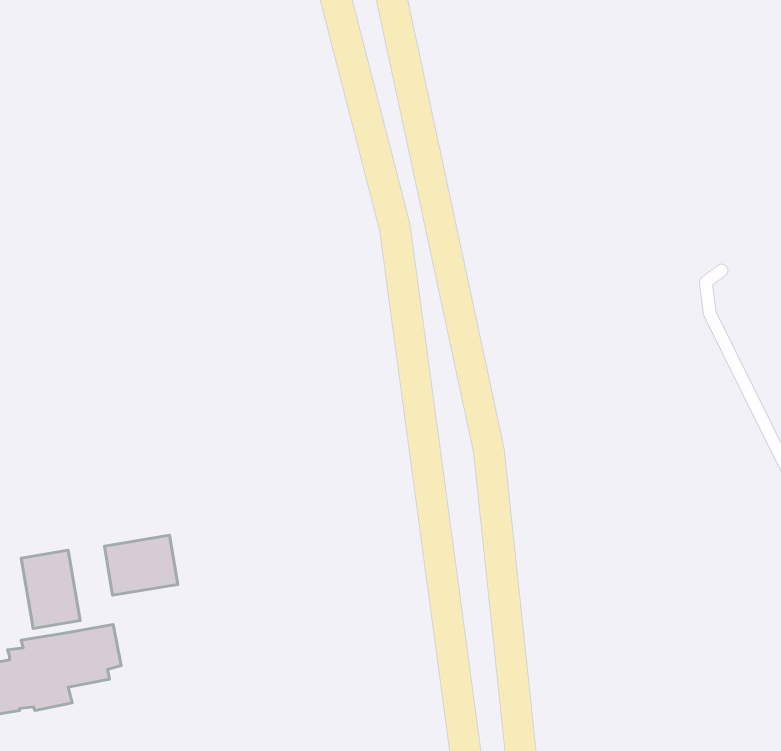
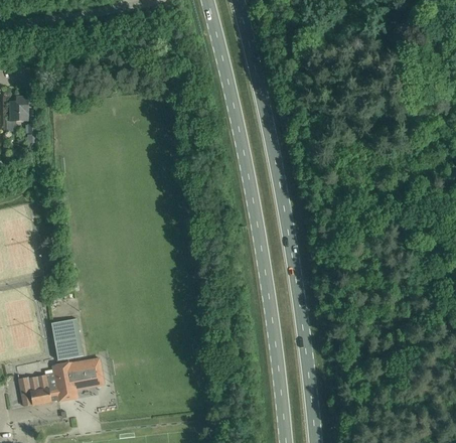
building: [104,535,178,595] -> none

